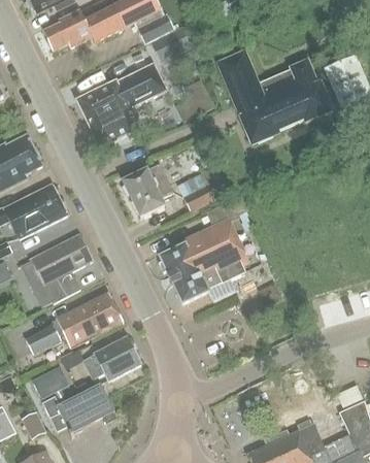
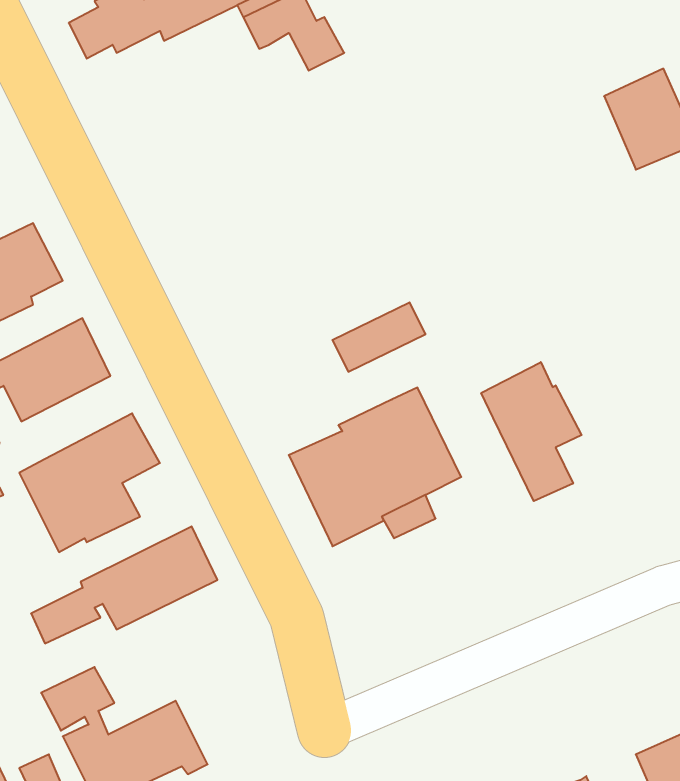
building: [216,49,333,144] -> none
building: [76,61,167,146] -> none
building: [123,163,172,214] -> none
building: none -> [481,362,582,501]
building: [81,336,140,379] -> none

